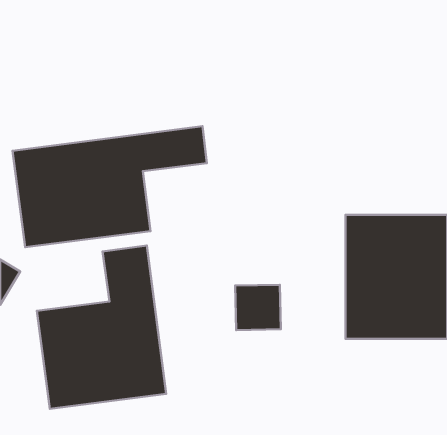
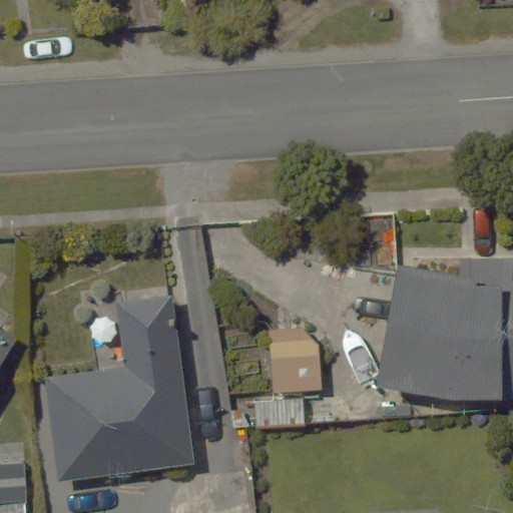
building: [13,126,207,247] -> none

